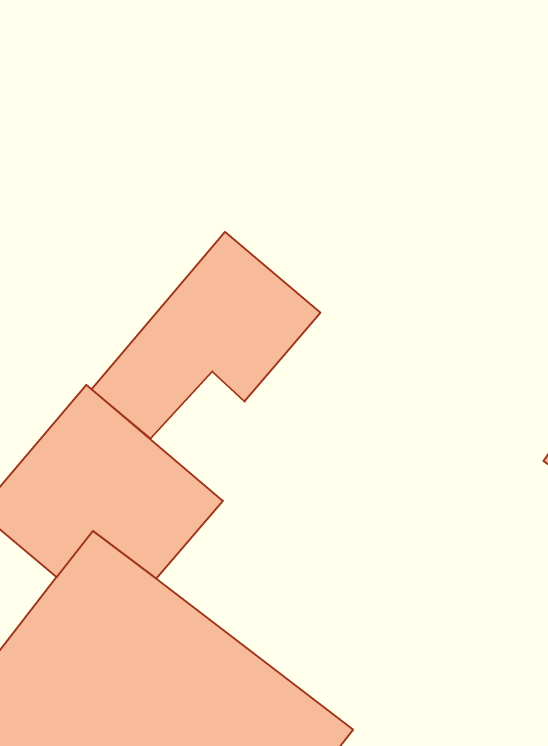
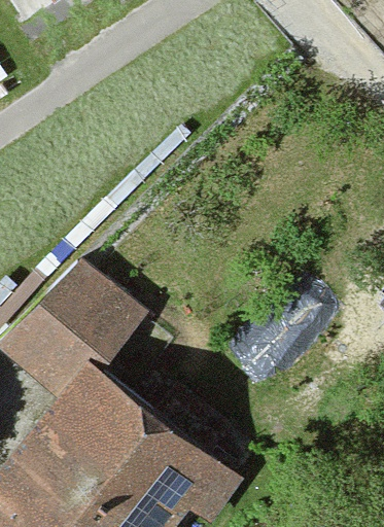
building: [92,232,320,439] -> none

